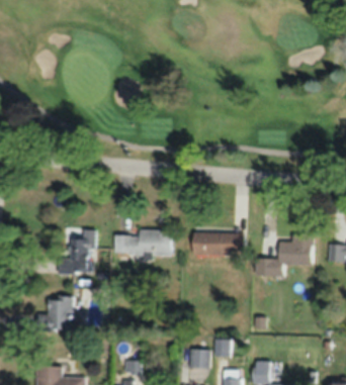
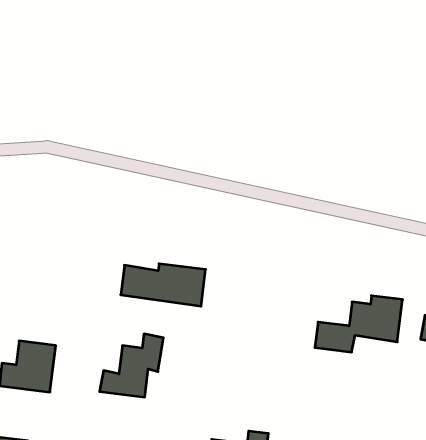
building: [58,229,98,274] -> [100,334,163,397]
building: [195,232,245,255] -> none

